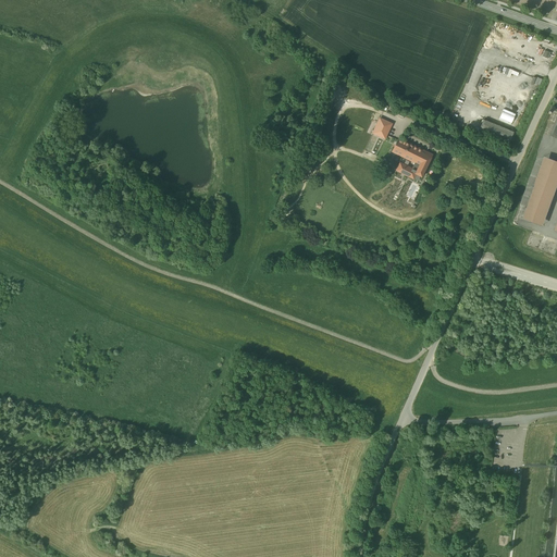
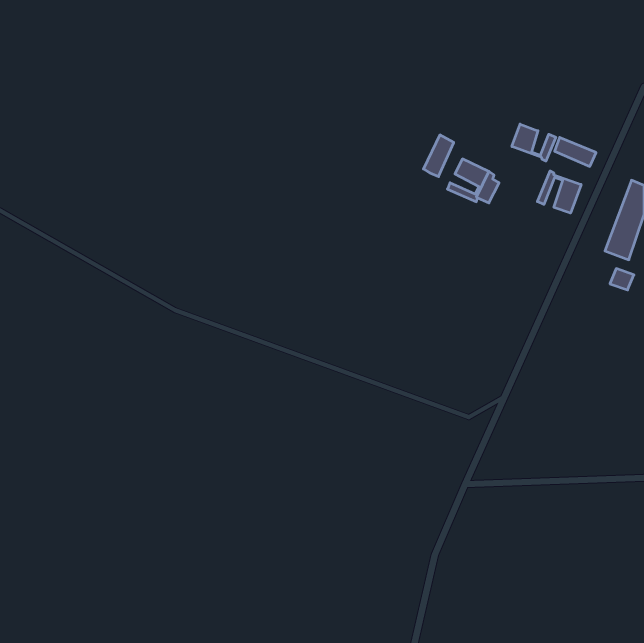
building: none -> [512,124,556,161]
building: none -> [537,171,581,213]

